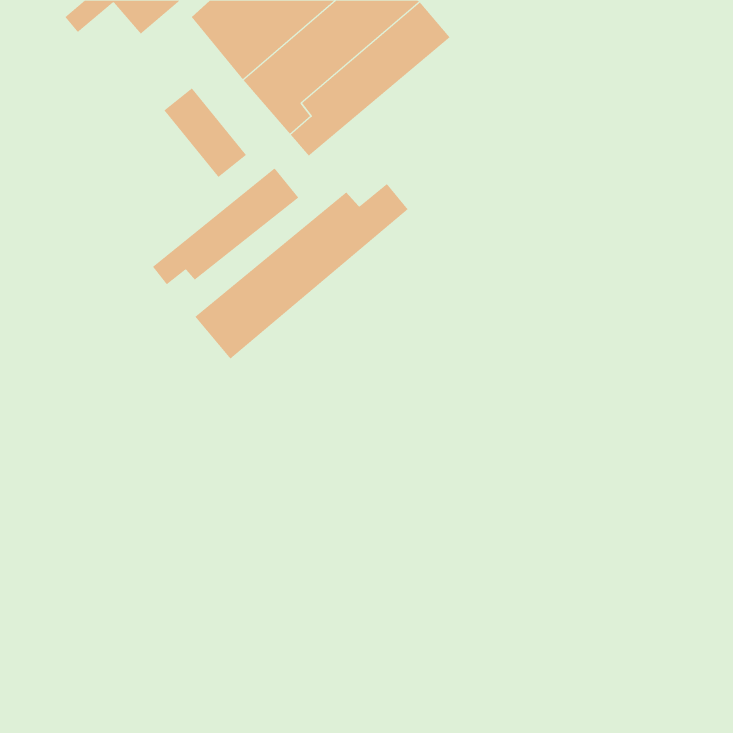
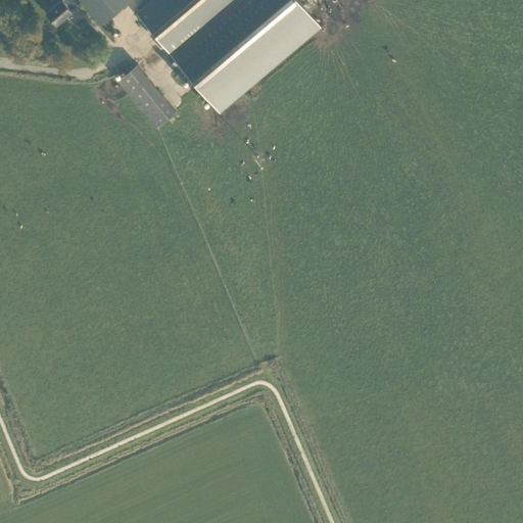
building: [152,167,299,285] -> none
building: [194,183,408,359] -> none

